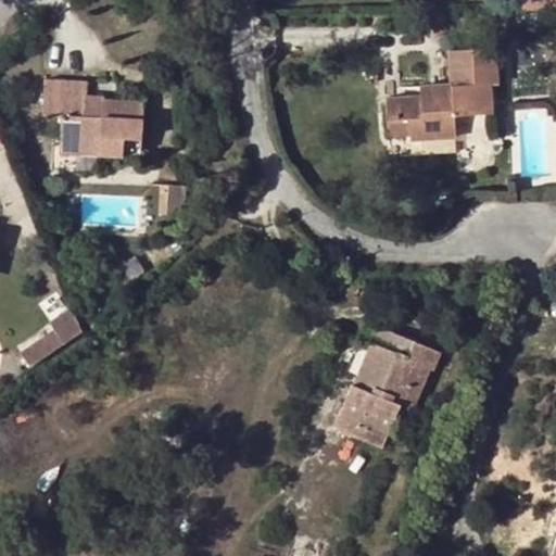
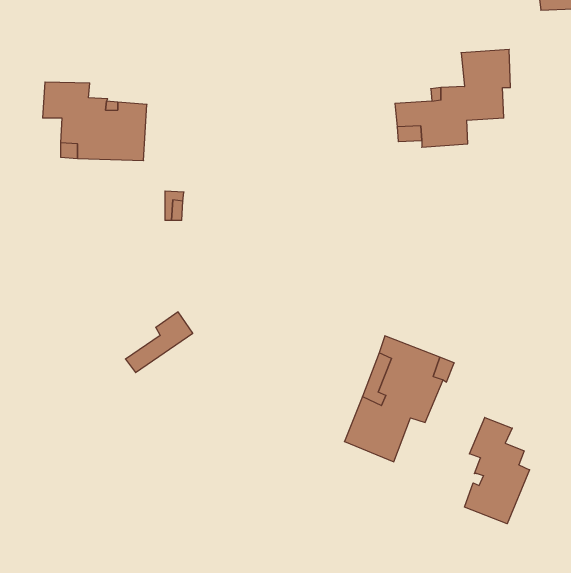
building: [20,307,85,366] -> [125,312,193,373]
building: none -> [464,417,530,524]

